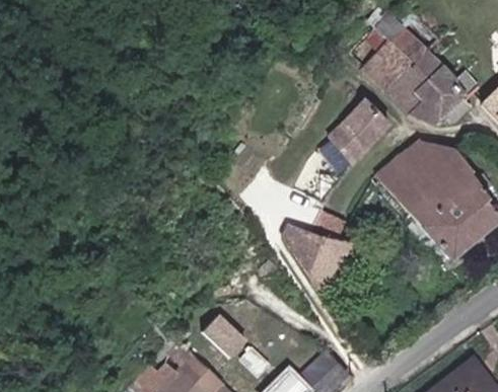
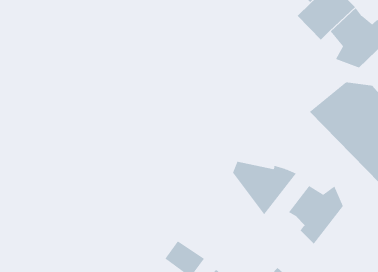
building: [328,97,388,158] -> none
building: none -> [288,185,344,244]

